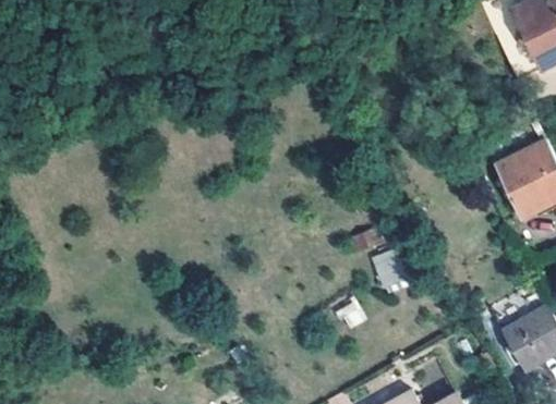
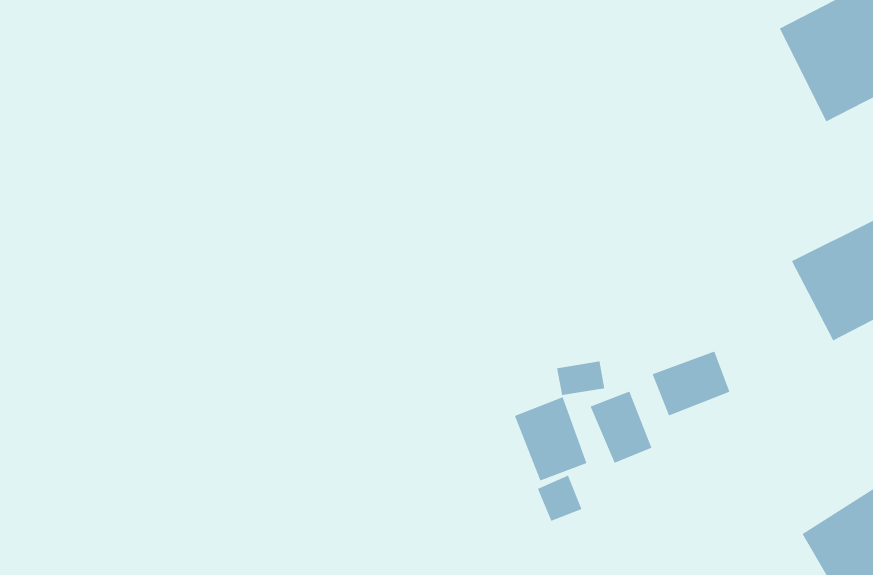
building: none -> [652,351,731,417]
building: none -> [514,396,587,482]

